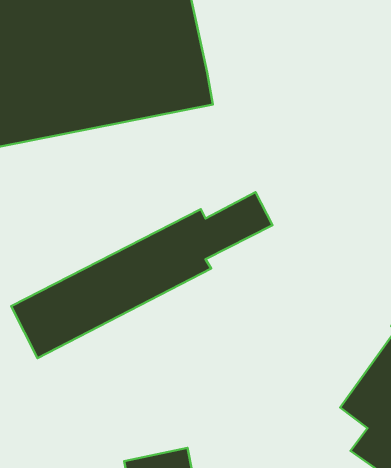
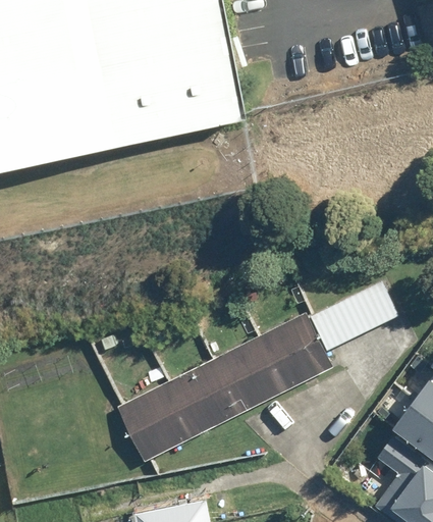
building: [11,192,273,358] -> [120,279,402,459]

